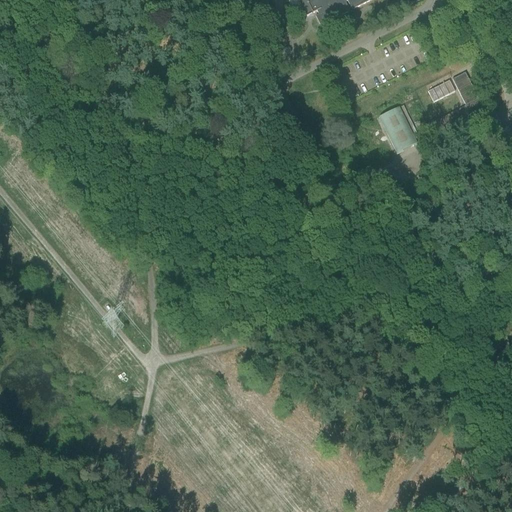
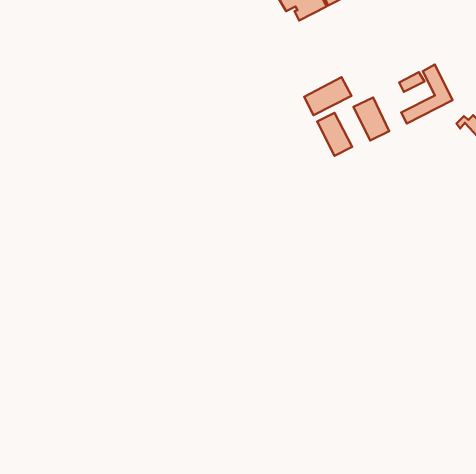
building: none -> [304,77,351,115]
building: none -> [317,113,352,156]

